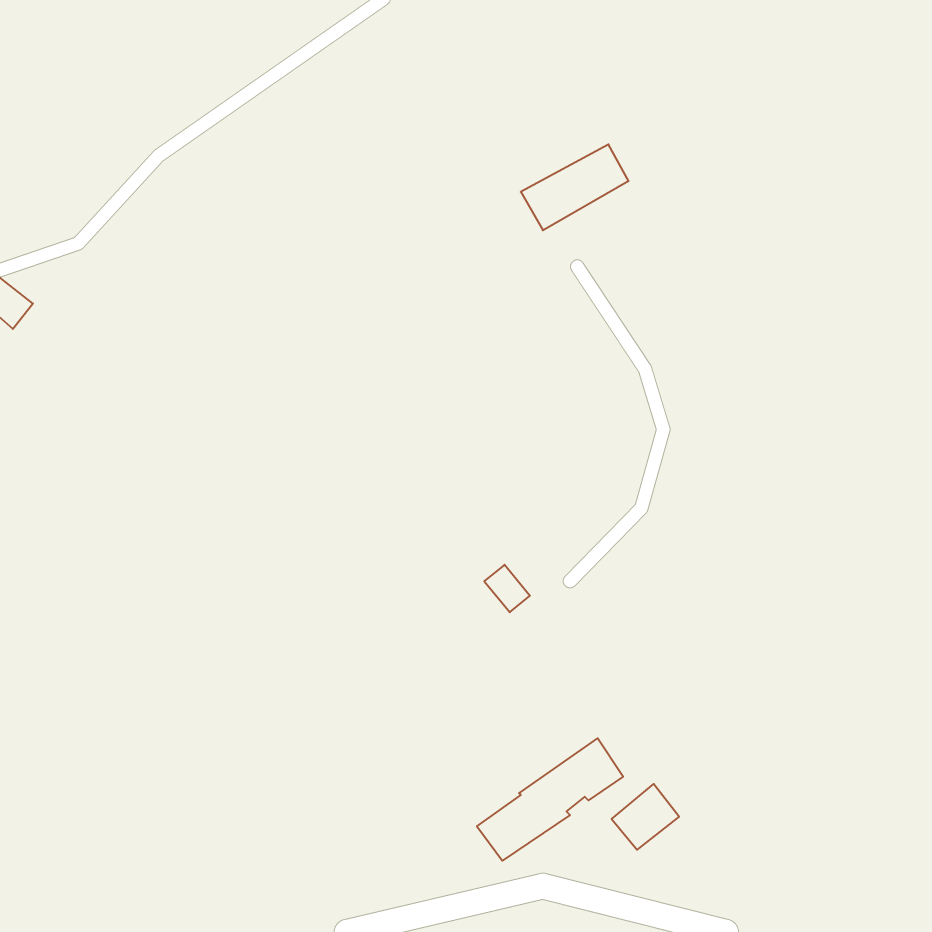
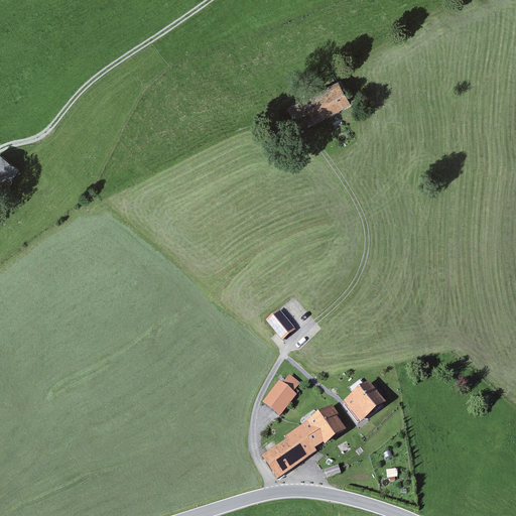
building: none -> [264,375,297,413]
building: [612,784,679,850] -> [345,383,382,419]

